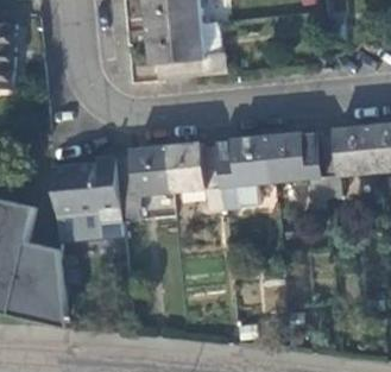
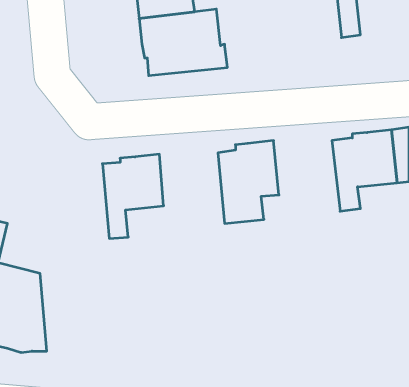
building: [265,132,323,200] -> none
building: [165,143,222,209] -> none
building: [52,156,121,234] -> none

